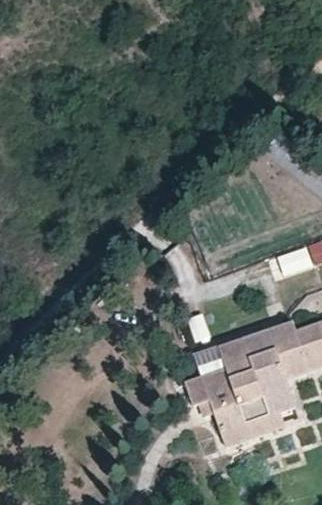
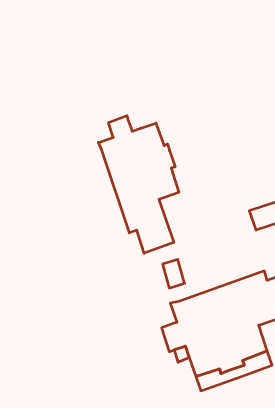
building: none -> [98,116,179,253]

